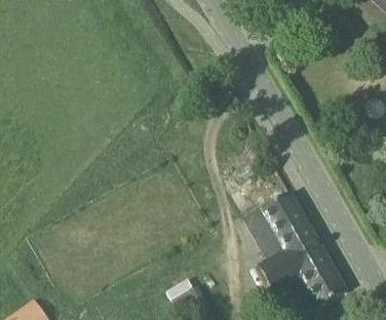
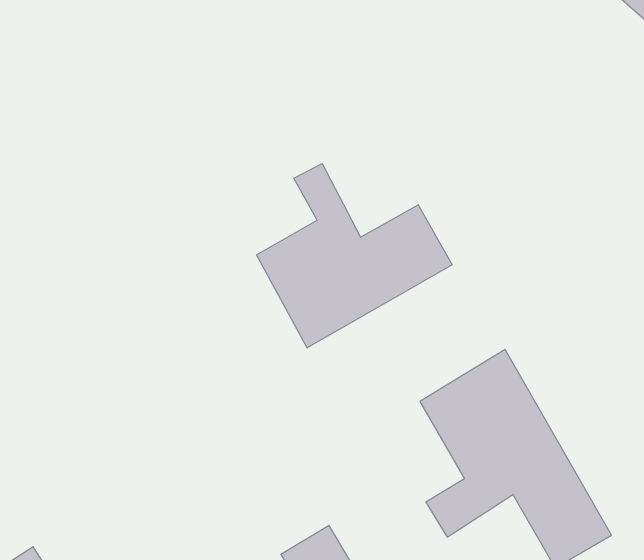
building: none -> [257,164,452,348]

